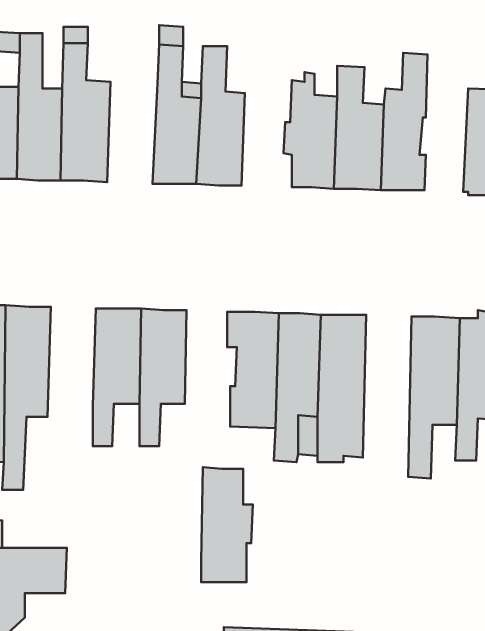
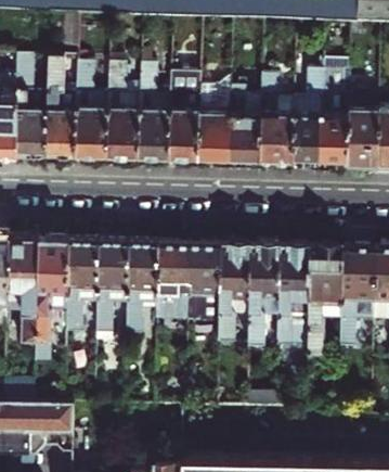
building: none -> [315,64,349,166]
building: none -> [106,67,140,161]
building: none -> [196,79,231,163]
building: none -> [66,243,99,341]
building: none -> [277,248,310,357]
building: [201,467,253,582] -> [158,245,193,322]

